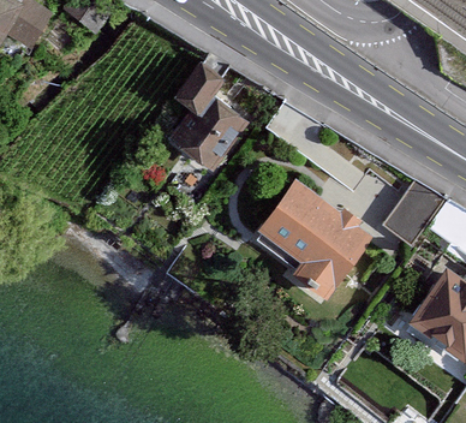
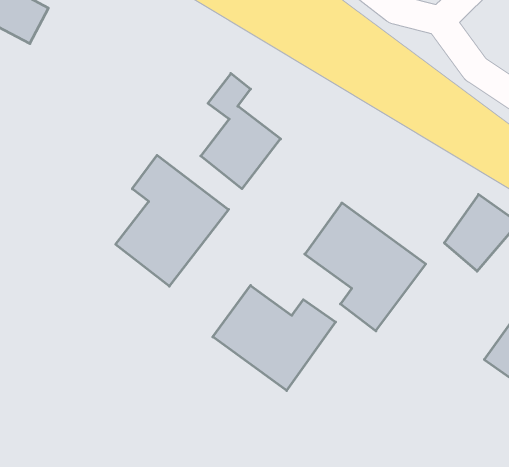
building: none -> [116,155,229,286]
building: none -> [213,285,336,391]

